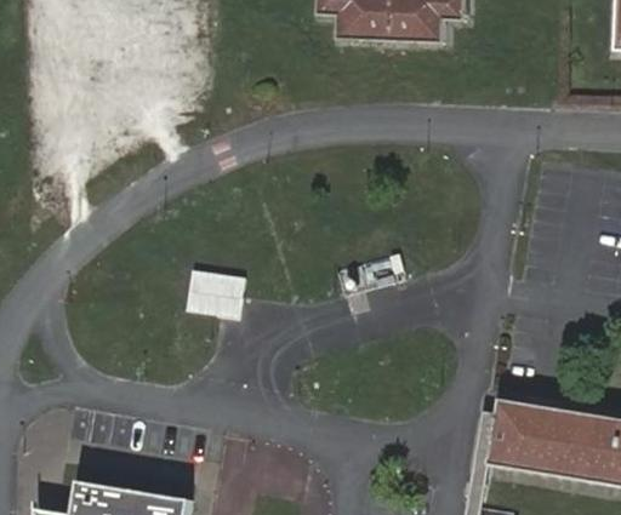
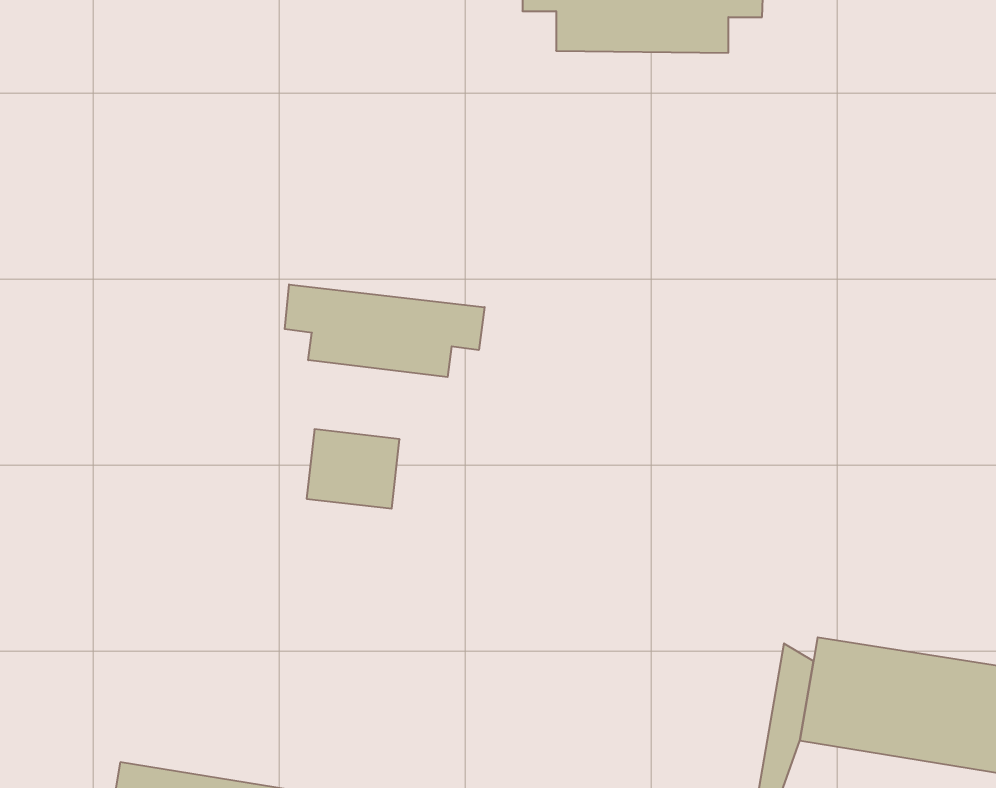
building: none -> [285,284,485,377]

